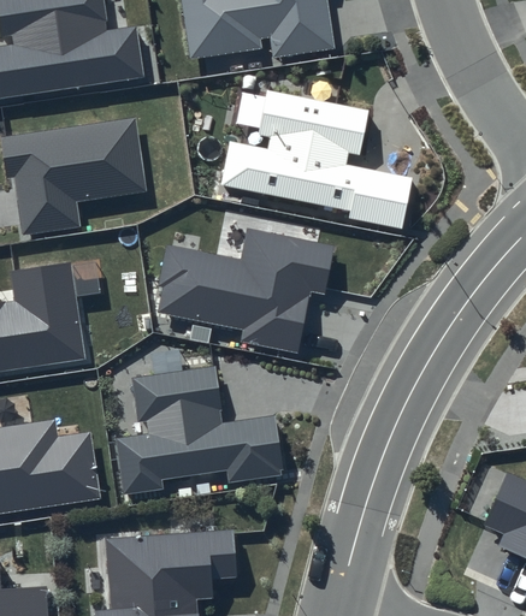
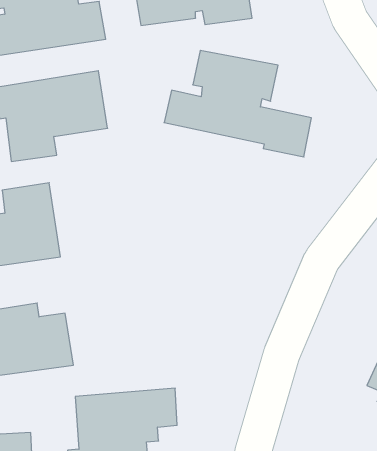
building: [158,229,335,354] -> none
building: [116,366,283,496] -> none

